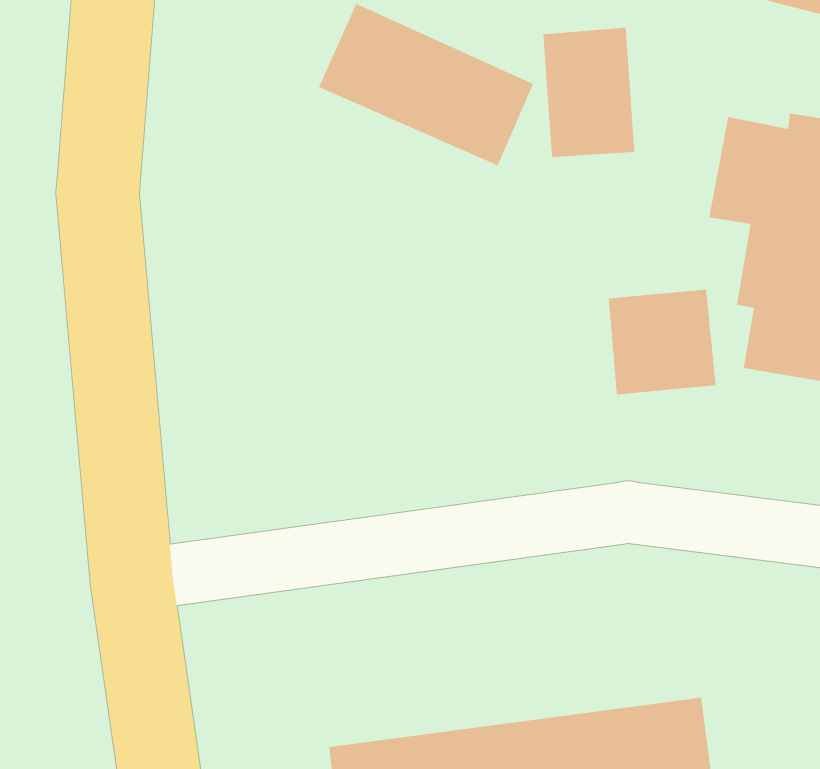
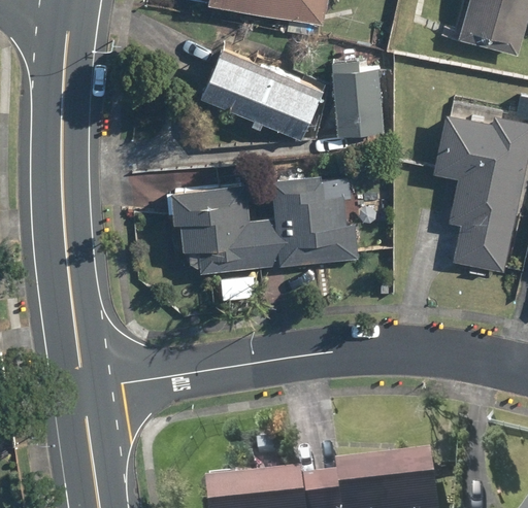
building: none -> [165,170,359,275]
building: [608,289,716,395] -> none

